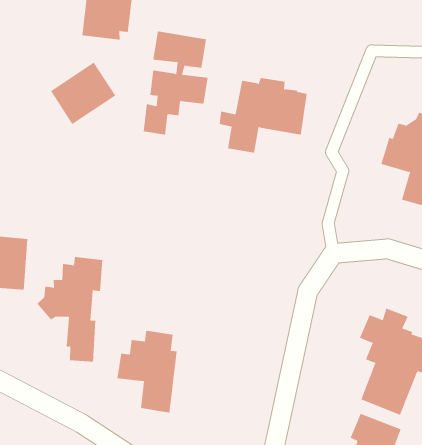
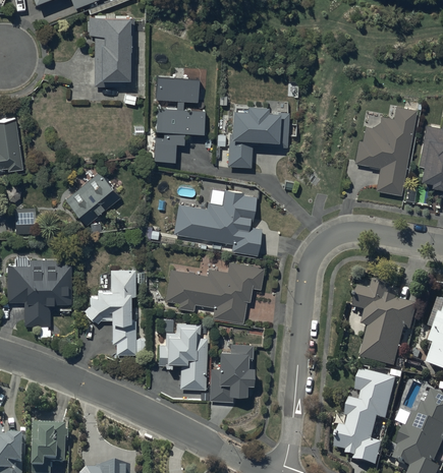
building: [50,62,116,125] -> [65,172,120,226]
building: none -> [172,188,260,256]
building: none -> [165,261,263,322]
building: none -> [208,344,253,403]

